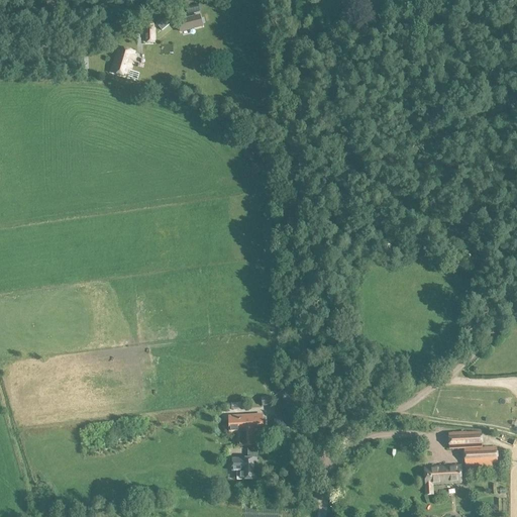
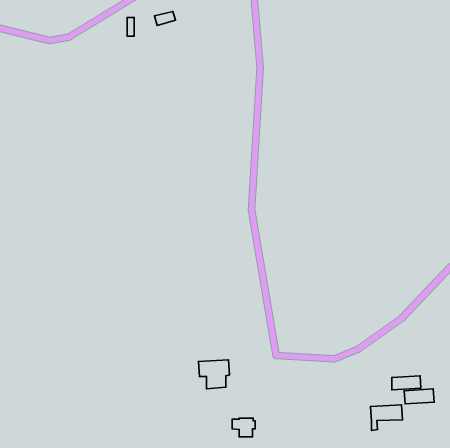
building: [111,46,134,75] -> none
building: [232,456,258,478] -> [232,418,255,437]

